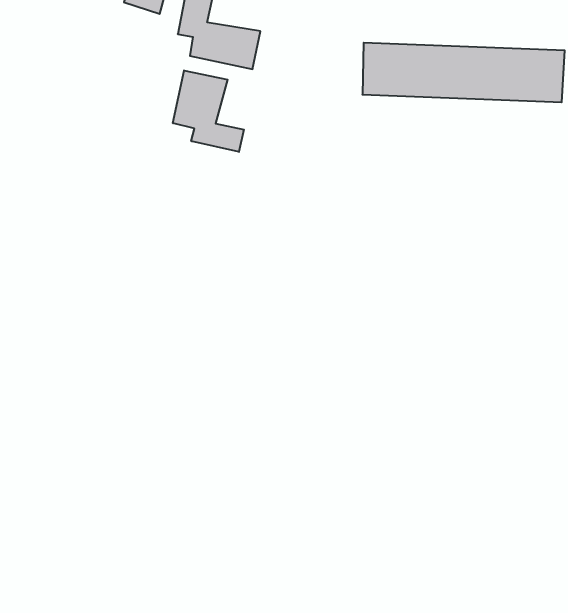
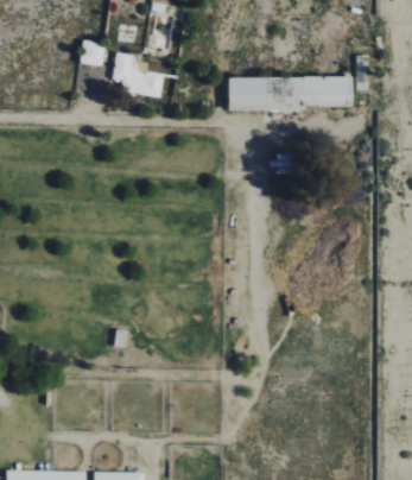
building: [173,70,244,152] -> none

